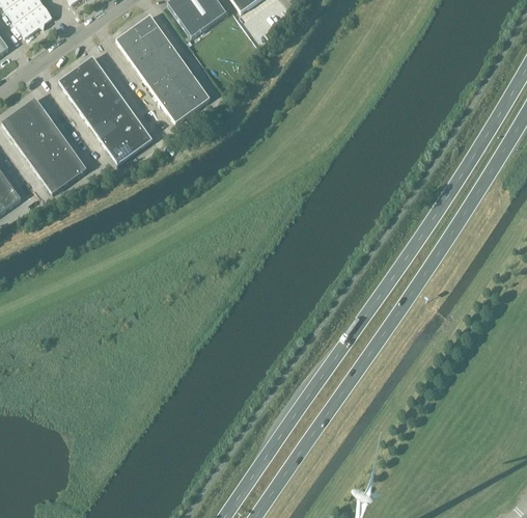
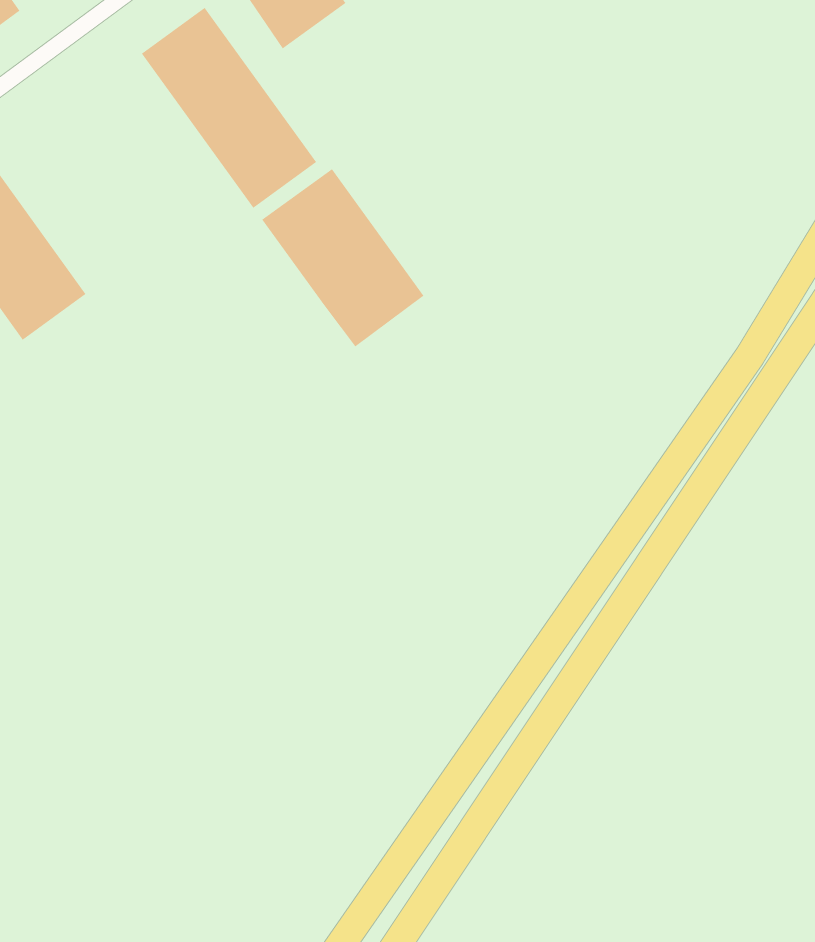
building: [58,56,151,164] -> none
building: none -> [261,168,424,347]

